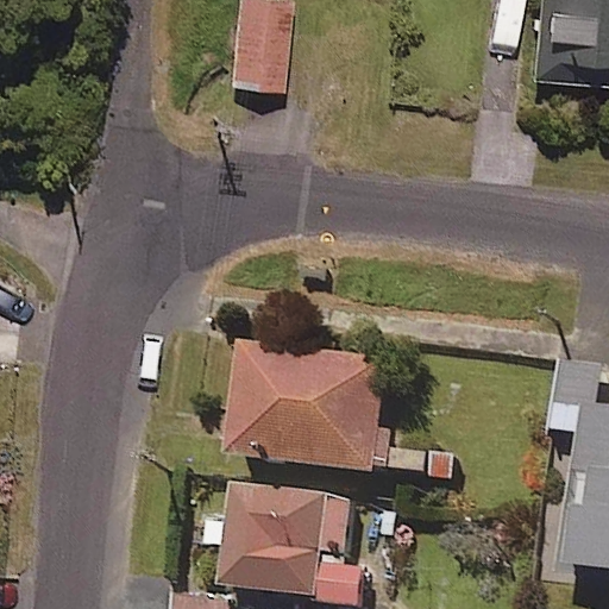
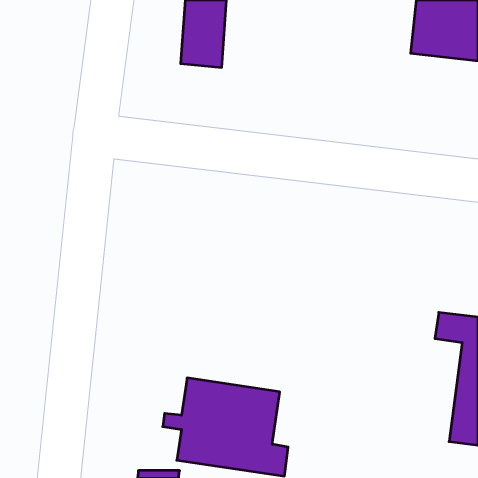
building: [233,341,459,479] -> none

